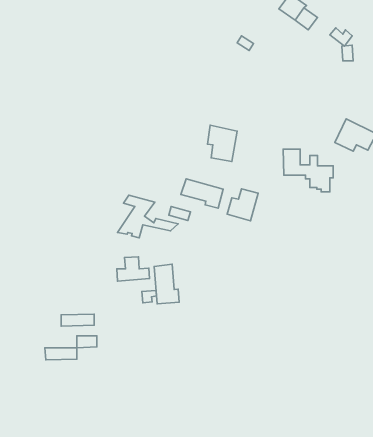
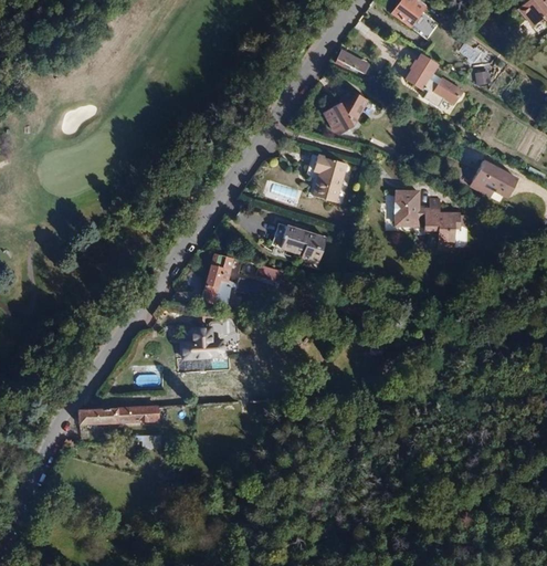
building: none -> [407,54,463,108]
building: none -> [324,88,369,134]
building: [227,189,258,221] -> none
building: [154,264,179,304] -> none
building: [45,348,77,360] -> [76,405,117,420]

